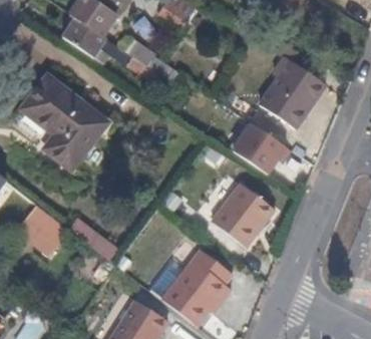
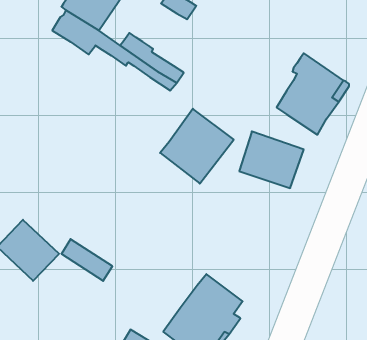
building: [23,75,108,169] -> none
building: [211,182,276,248] -> [160,109,234,184]

